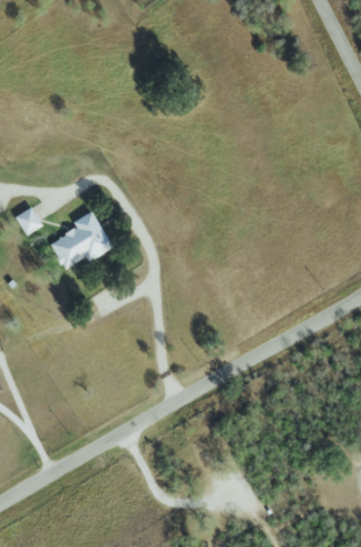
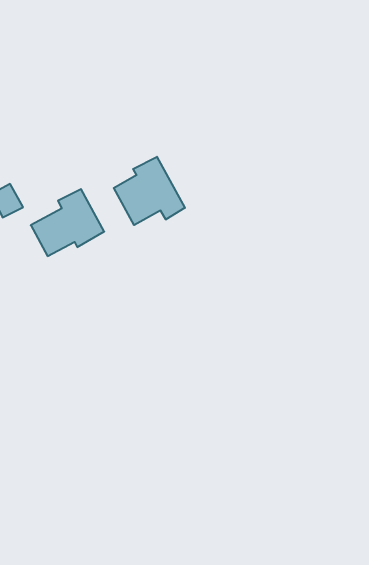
building: none -> [114,157,185,225]

